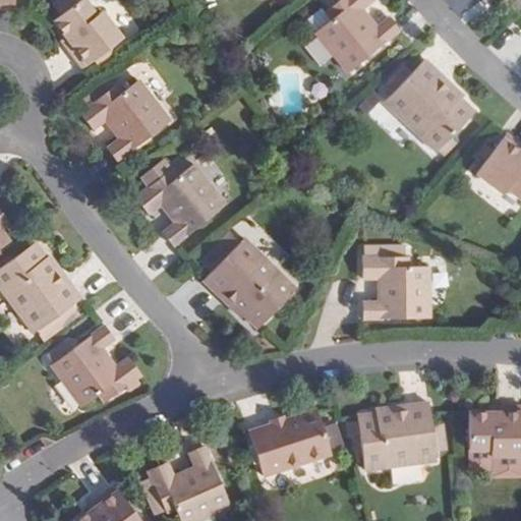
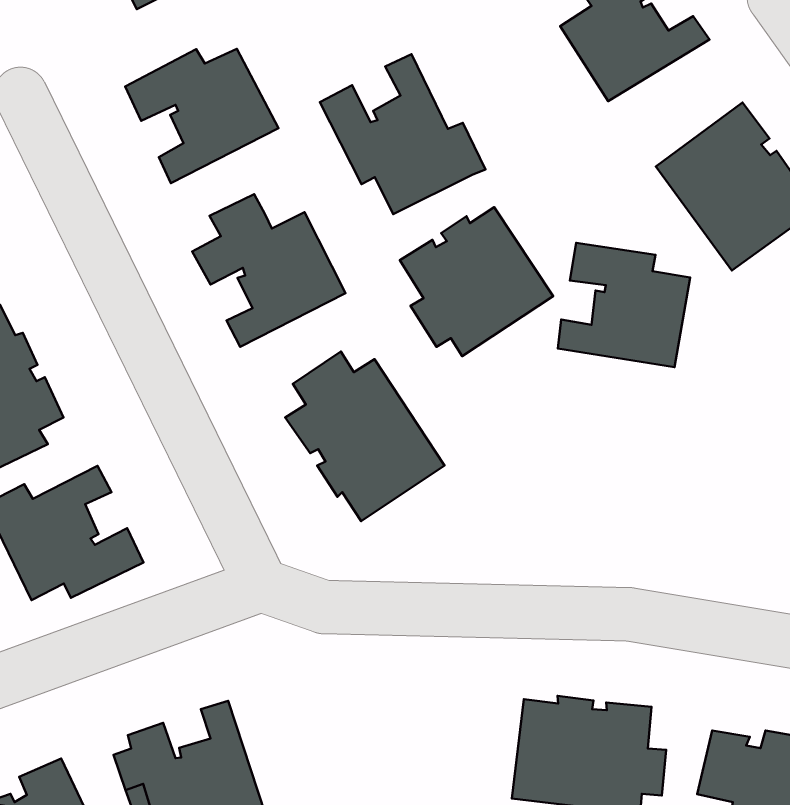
building: none -> [320,54,486,214]
building: none -> [400,207,553,356]
building: [362,258,429,320] -> [558,243,690,367]
building: [245,411,337,476] -> none

